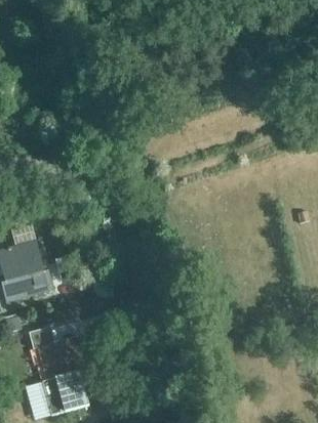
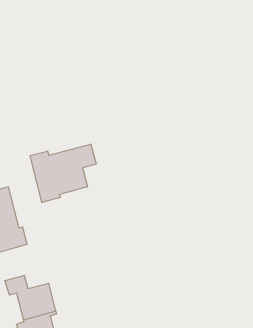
building: none -> [30,144,96,203]

